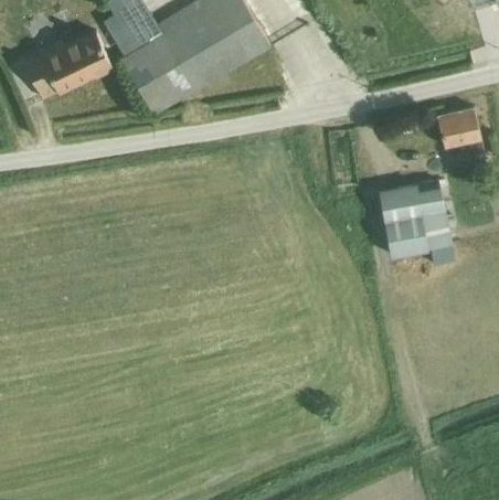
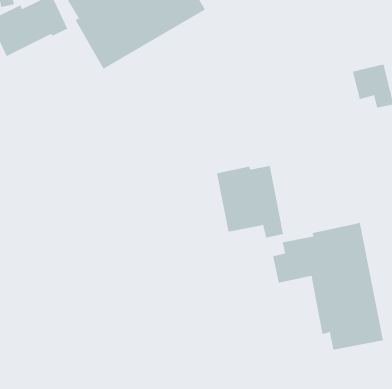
building: [378,182,455,265] -> [216,165,284,238]
building: none -> [272,222,383,351]

